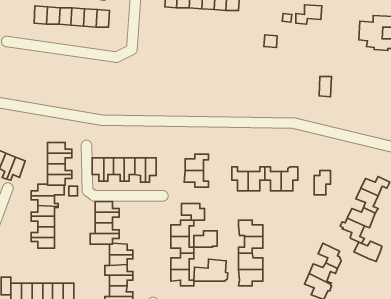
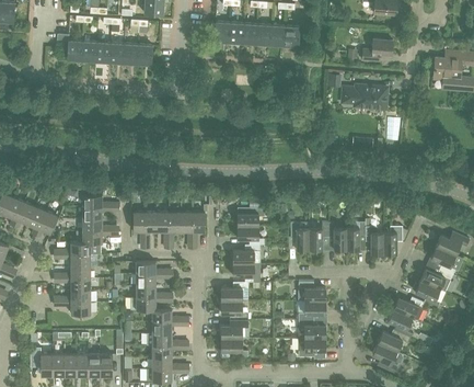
building: none -> [342,84,386,107]
building: none -> [365,217,383,253]
building: [194,231,217,247] -> [233,244,259,263]
building: [354,241,382,261] -> [393,296,425,319]
building: [194,259,228,281] -> none

